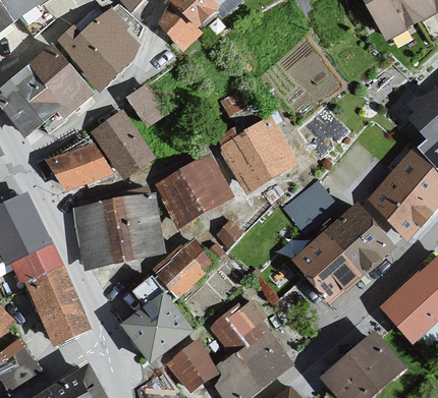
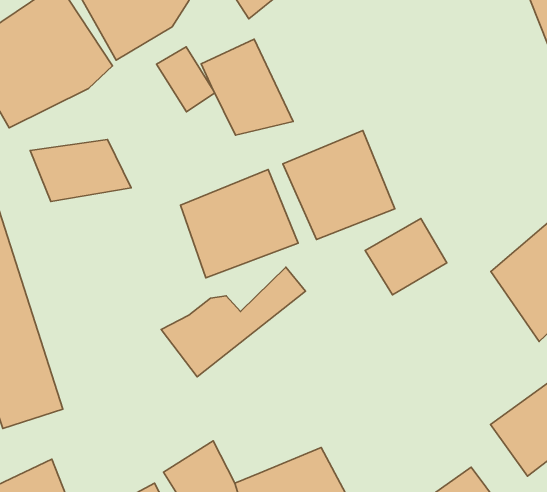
building: [89,109,156,175] -> [201,39,293,135]
building: [70,195,168,270] -> none
building: [292,206,397,304] -> none
building: [121,290,187,354] -> none
building: [207,295,269,355] -> none

